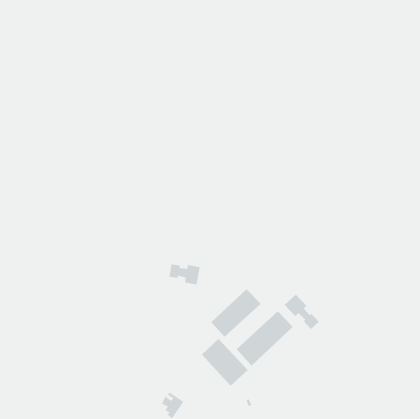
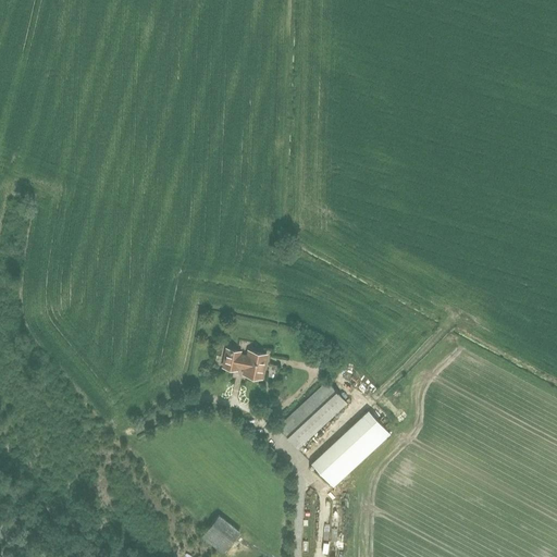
building: [284,294,320,330] -> none
building: [201,338,249,386] -> none

